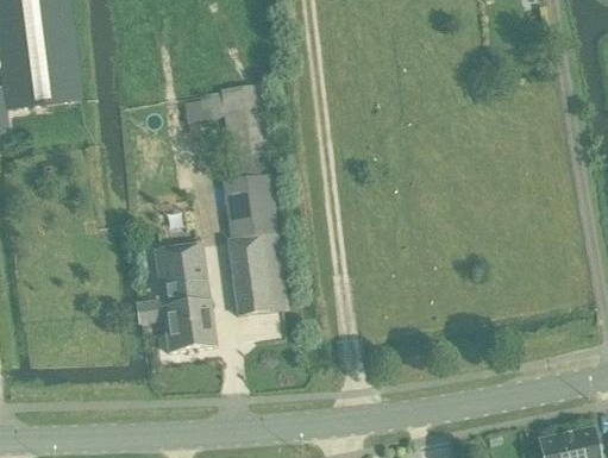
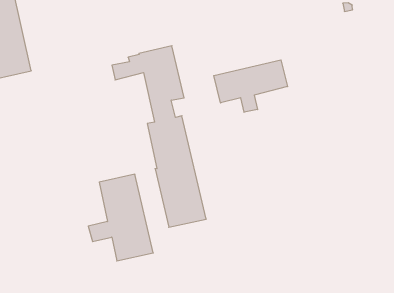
building: none -> [214,60,288,112]

